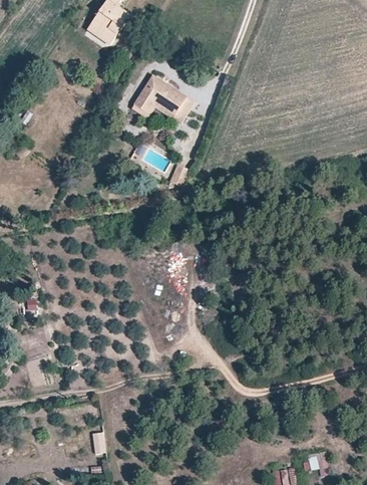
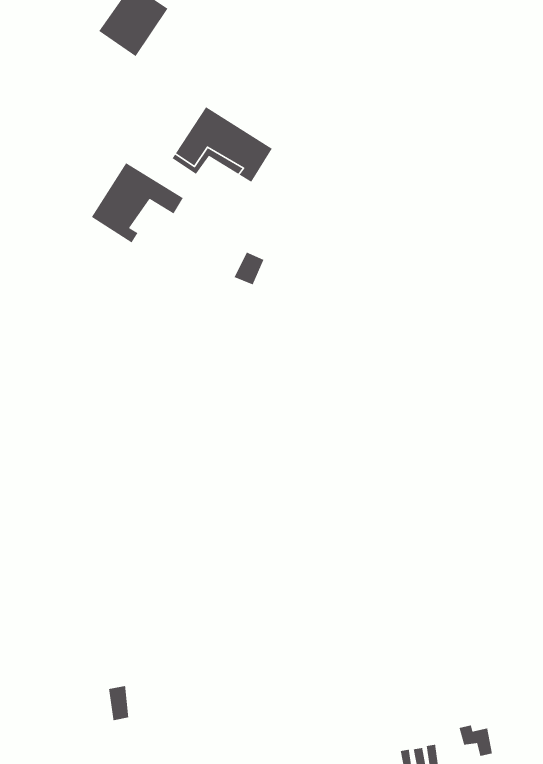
building: none -> [91,162,184,243]

